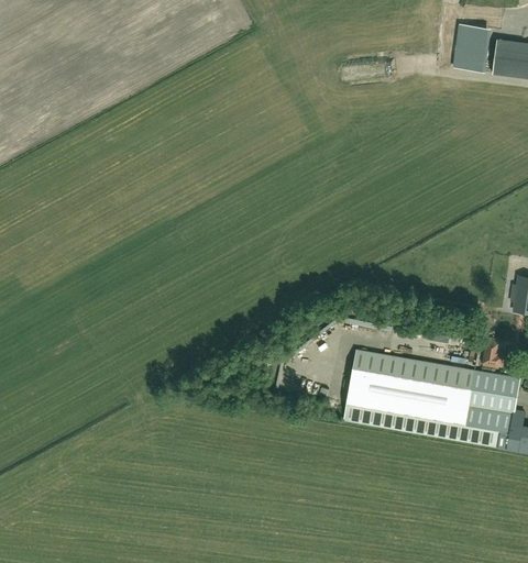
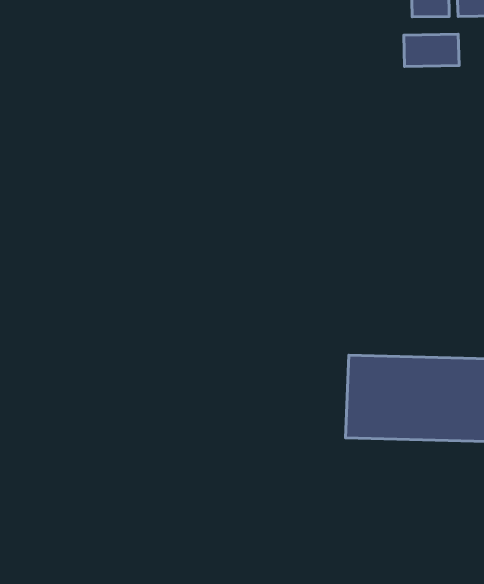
building: none -> [404,34,459,67]

